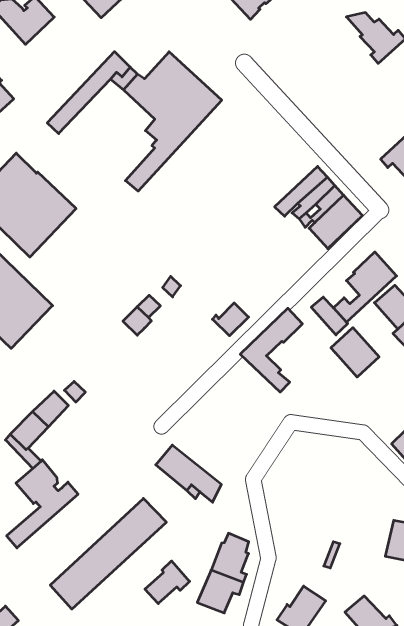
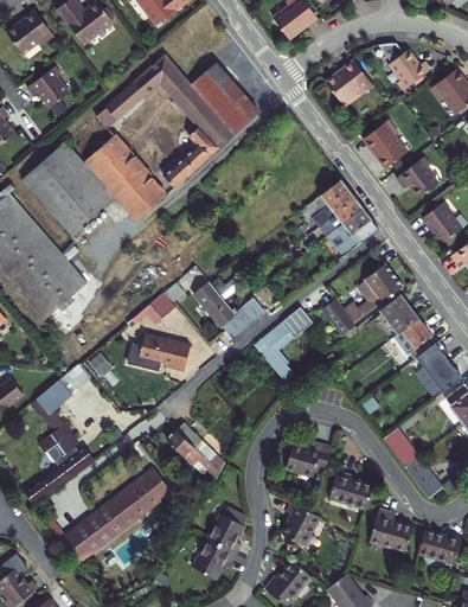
building: none -> [327,60,373,102]
building: none -> [365,120,410,168]
building: none -> [84,134,166,221]
building: none -> [193,281,245,337]
building: [331,328,379,377] -> none
building: none -> [127,333,188,370]
building: none -> [287,442,331,478]
building: none -> [329,471,373,509]
building: none -> [281,501,320,547]
building: [145,561,190,604] -> none

